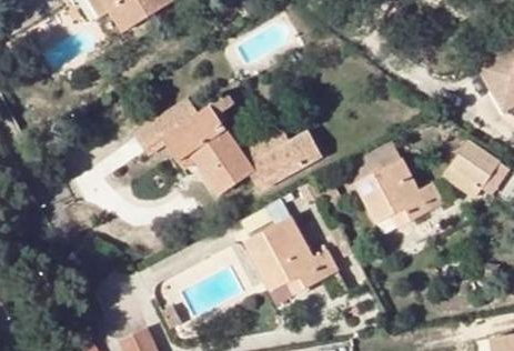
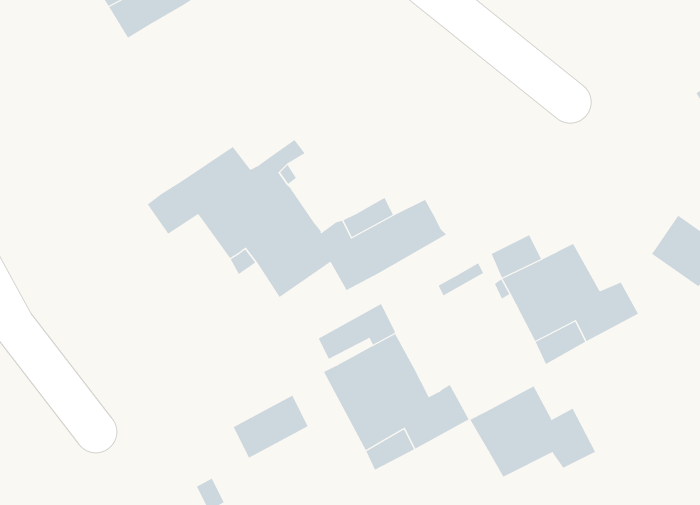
building: none -> [470,386,596,478]
building: none -> [233,395,309,458]

